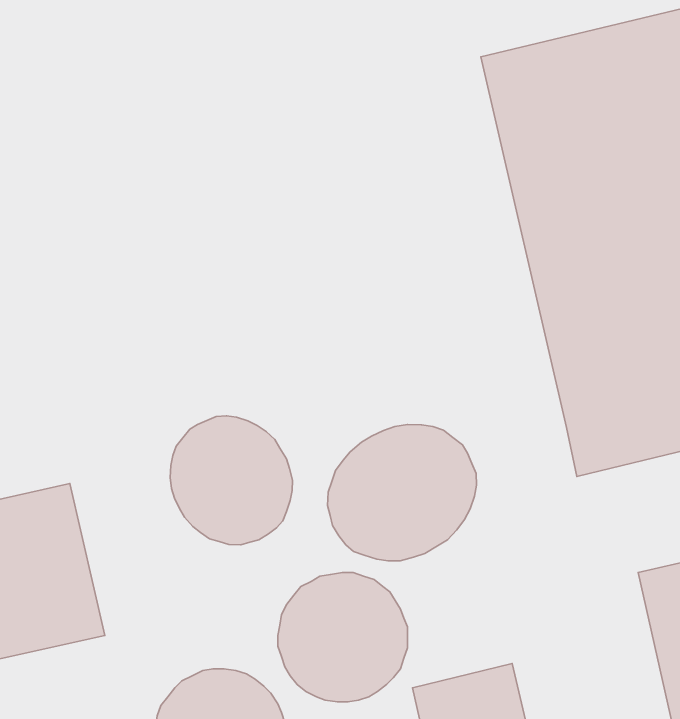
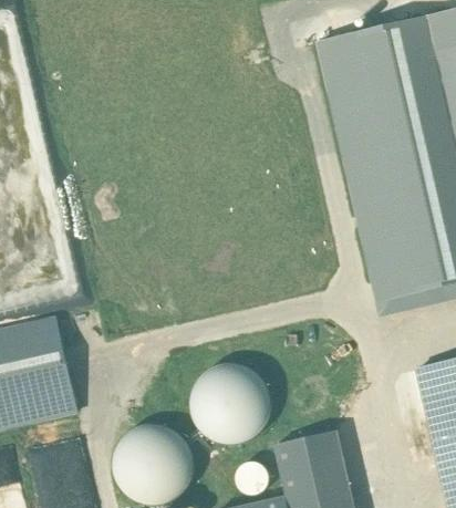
building: [170,416,293,545] -> none
building: [328,425,476,561] -> none

